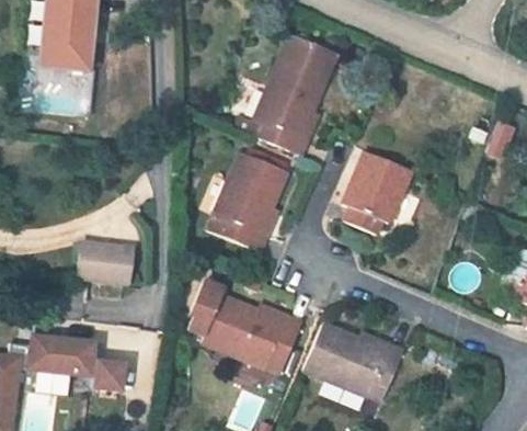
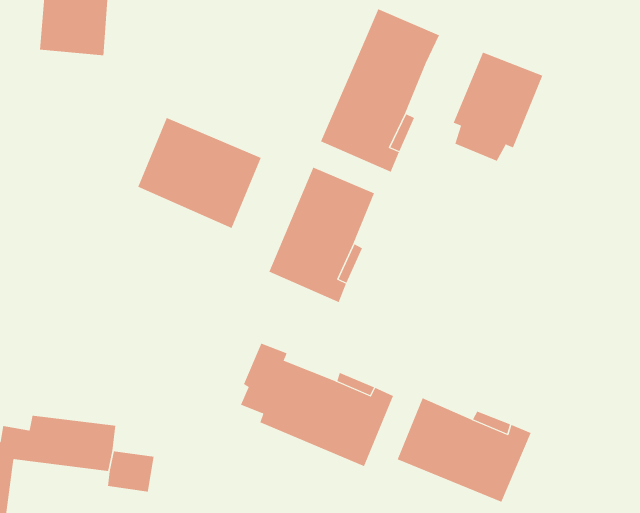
building: none -> [138,117,262,229]
building: [344,152,411,234] -> [453,52,543,161]
building: [78,241,133,284] -> none

